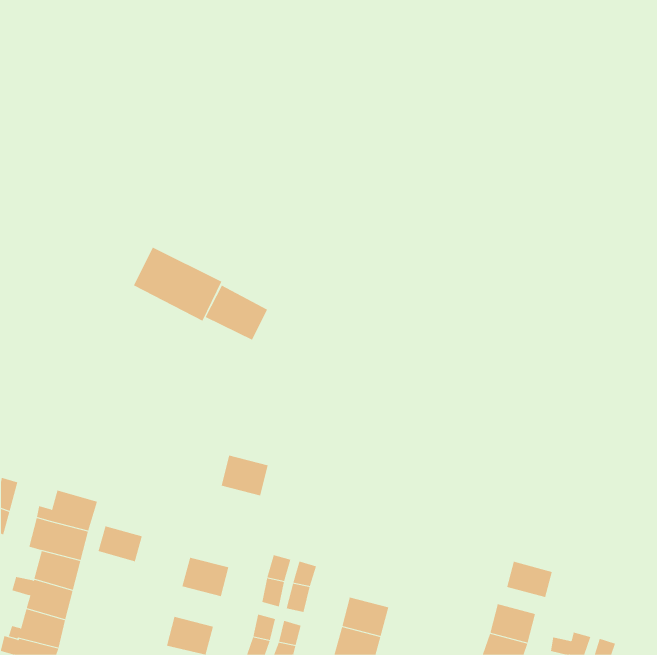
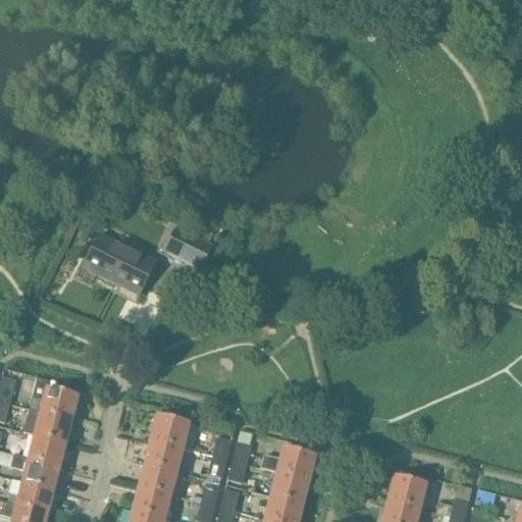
building: [133,247,222,322] -> [84,237,154,296]
building: [221,455,268,496] -> [151,416,189,449]
building: [98,525,143,562] -> none
building: [506,561,553,598] -> none
building: none -> [261,449,315,480]
building: none -> [139,464,176,495]

